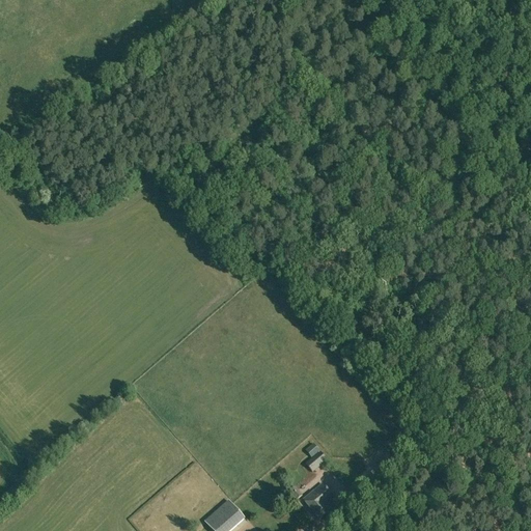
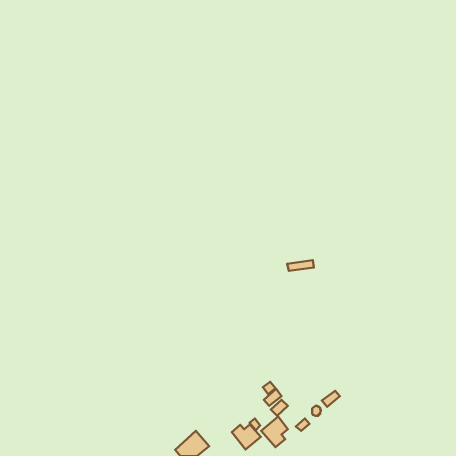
building: none -> [232,425,261,449]

